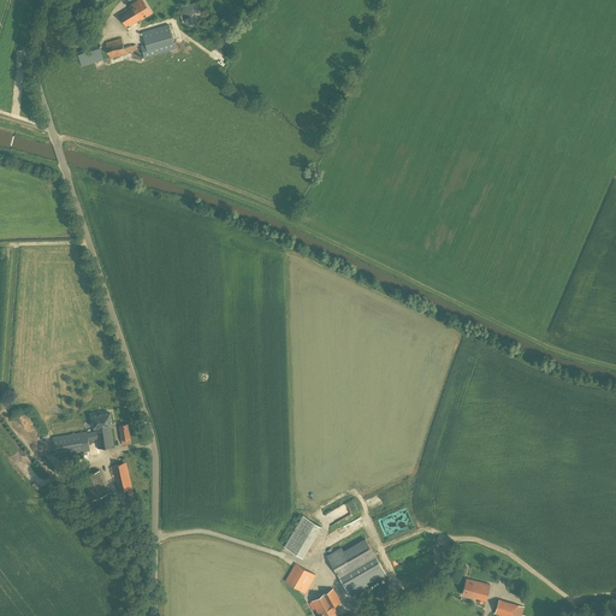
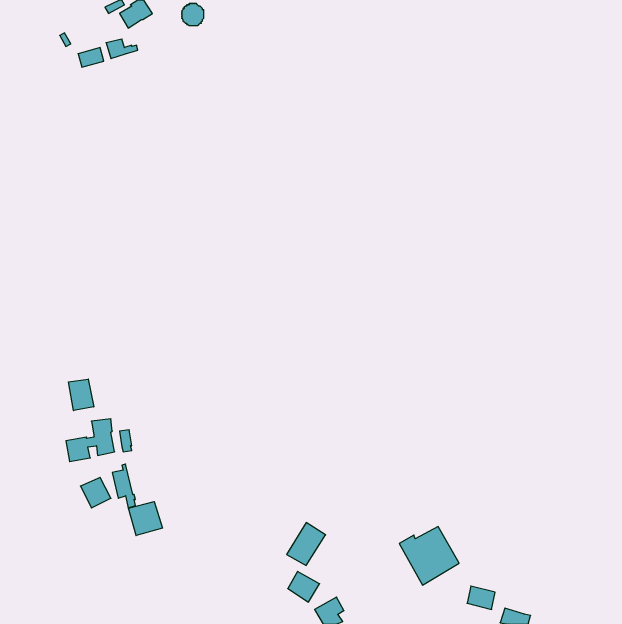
building: [140,24,174,58] -> none
building: none -> [69,379,94,411]
building: none -> [128,502,163,536]
building: [326,539,385,597] -> [399,527,459,585]

